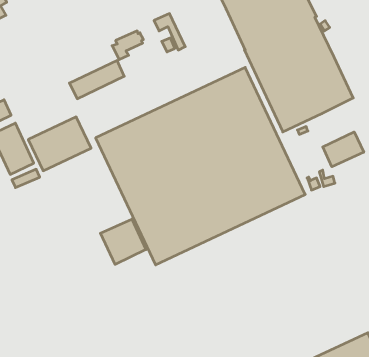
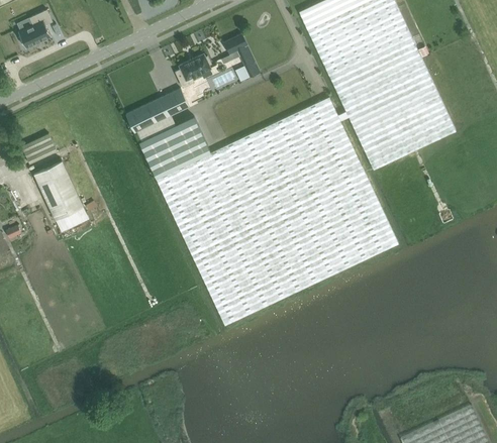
building: [28,117,91,171] -> [138,115,211,178]
building: [323,132,364,167] -> none
building: [100,219,146,264] -> none

